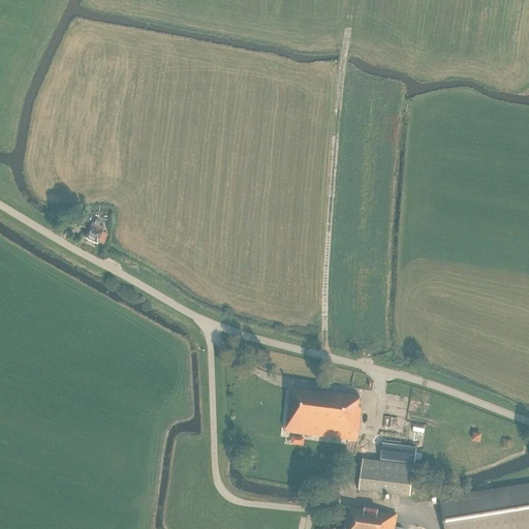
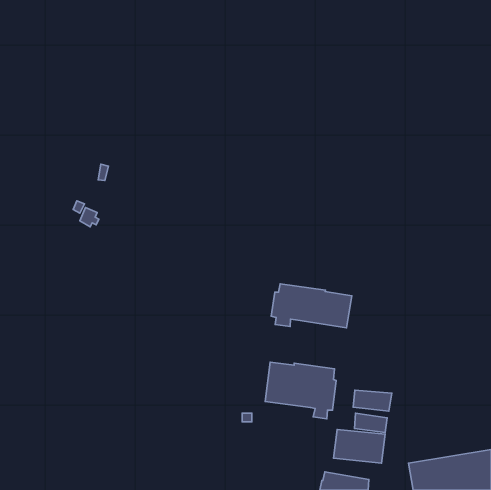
building: none -> [271,284,352,328]
building: none -> [353,390,392,411]

